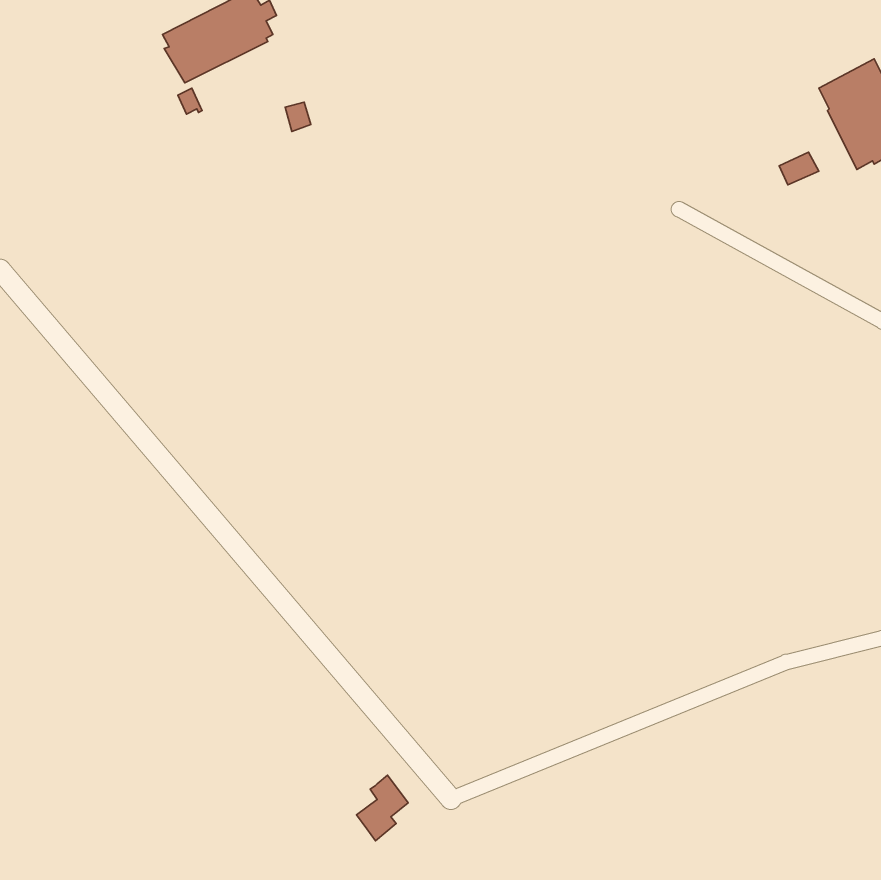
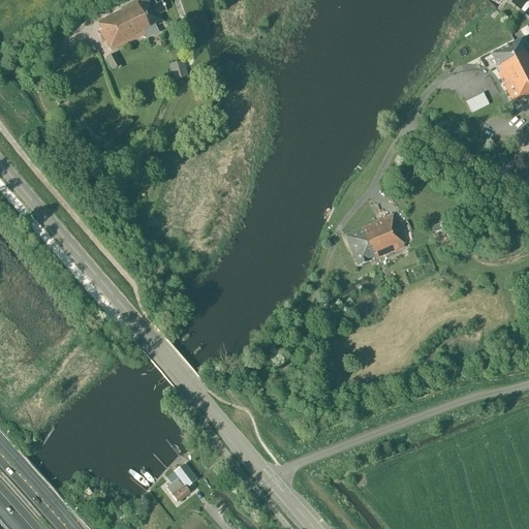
building: none -> [345,213,405,264]
building: [356,775,408,841] -> [166,462,197,501]

